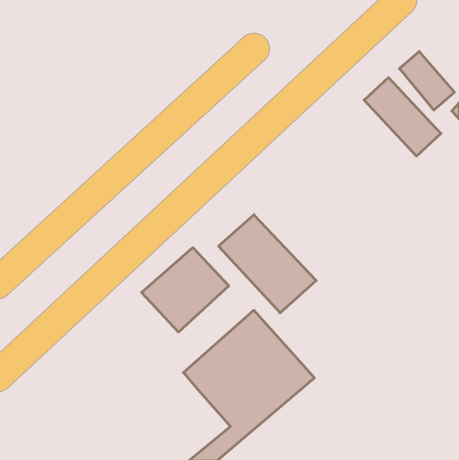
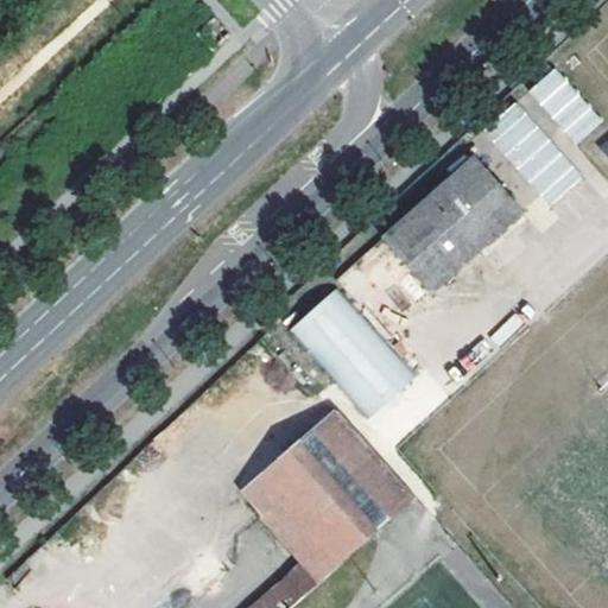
building: none -> [385,158,520,287]
building: [142,248,229,332] -> none

